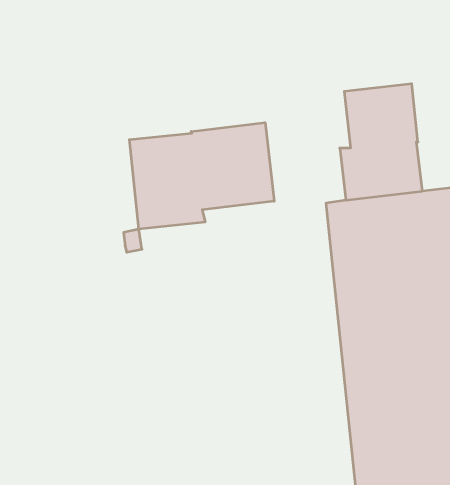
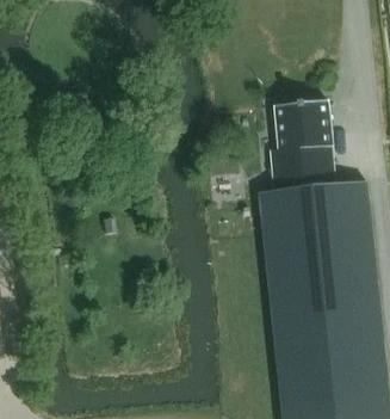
building: [129,123,274,229] -> none

